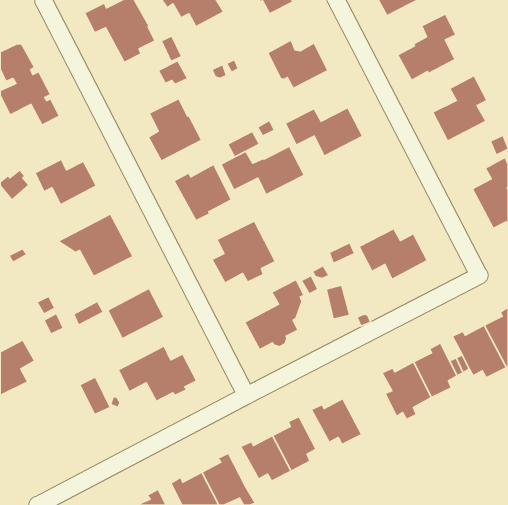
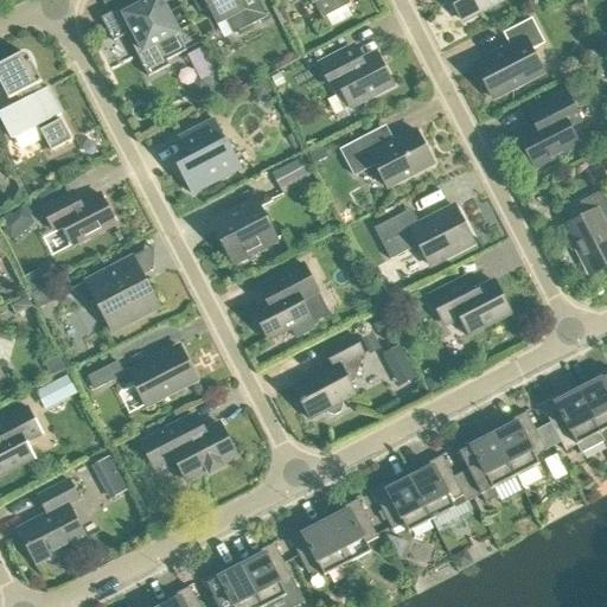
building: [221,146,304,195] -> [373,205,473,263]
building: none -> [409,453,473,518]
building: none -> [17,478,85,562]

